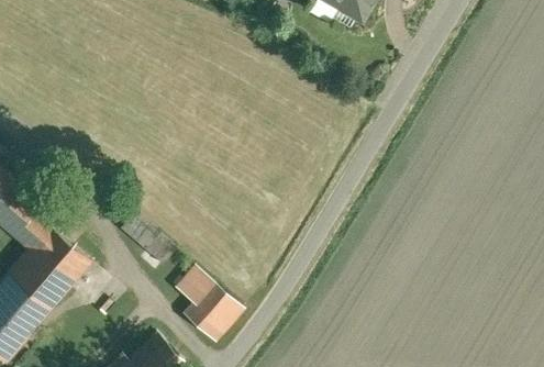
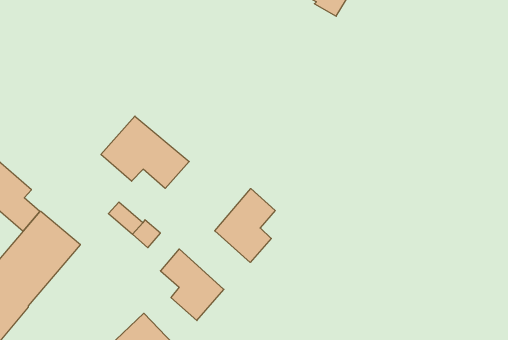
building: none -> [101,116,189,188]
building: none -> [215,189,275,262]

